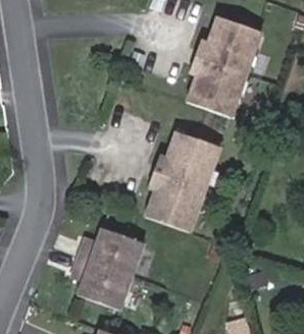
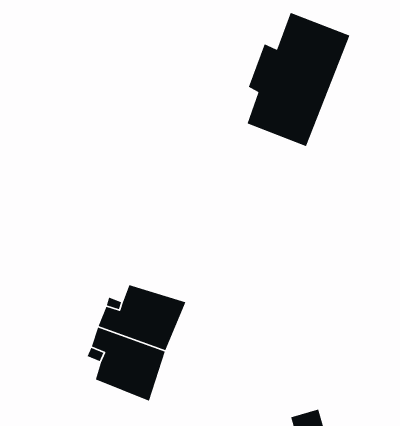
building: [143,132,219,233] -> none

